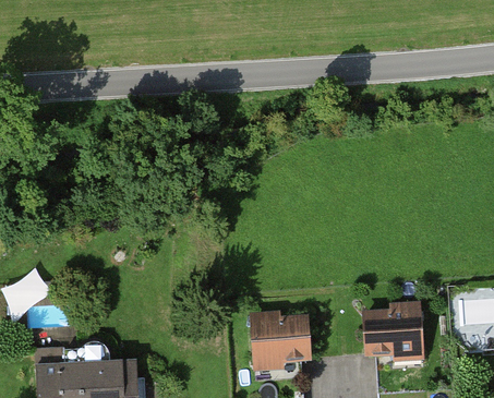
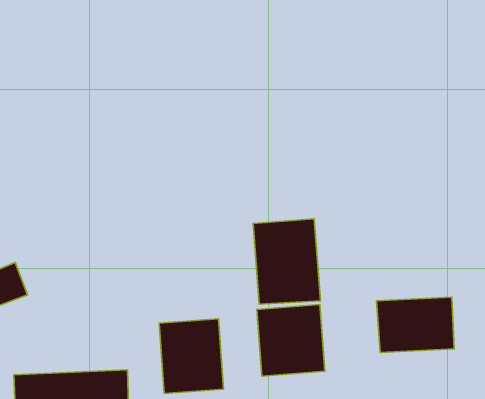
building: none -> [253,219,320,304]
building: none -> [159,319,224,394]

